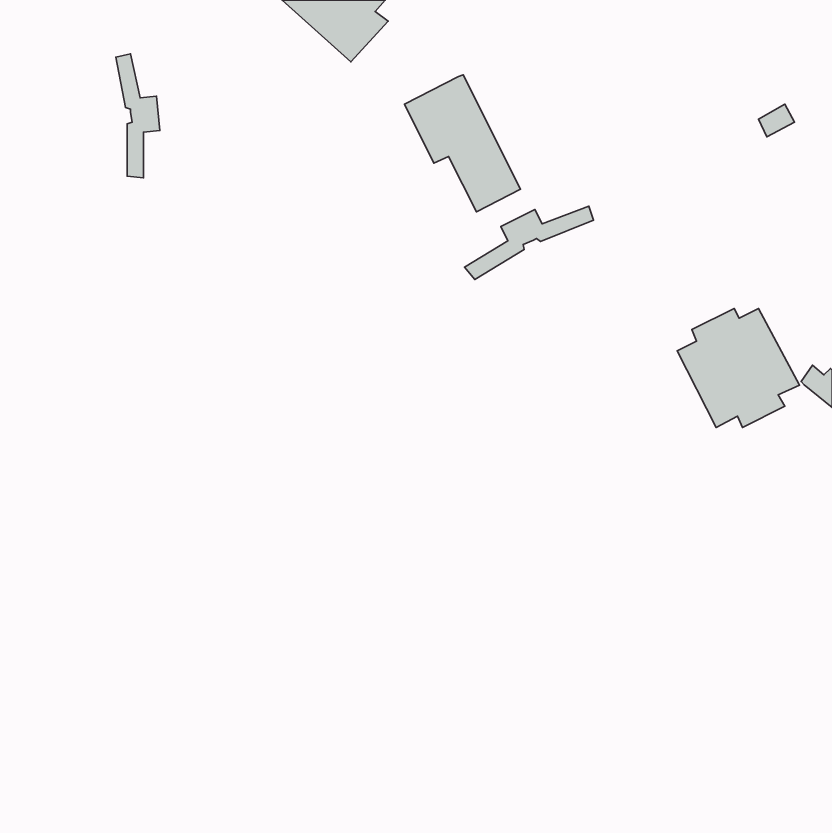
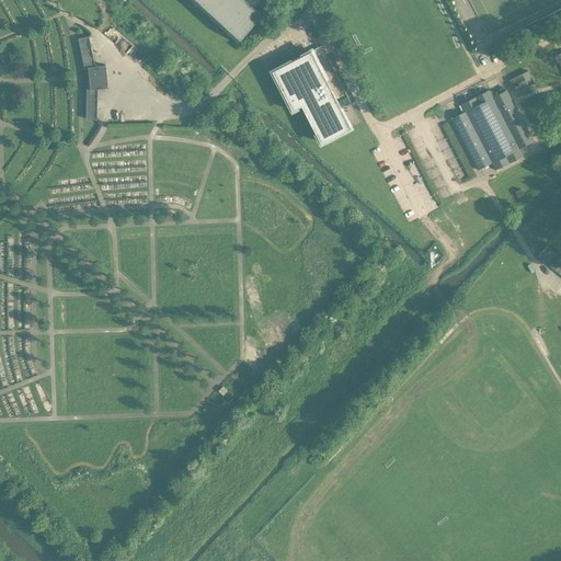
building: [465,206,594,280] -> none
building: [677,308,799,427] -> [450,90,533,170]

